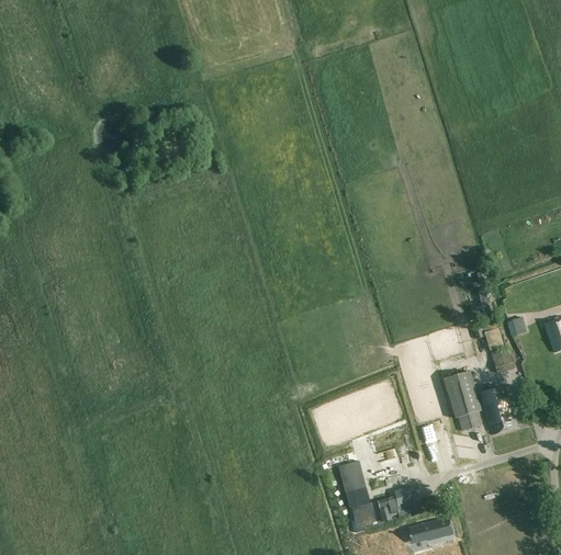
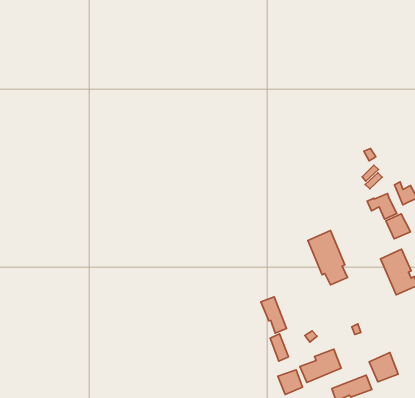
building: [442,371,481,430] -> [308,231,348,285]
building: none -> [261,297,286,333]
building: none -> [369,353,398,382]

